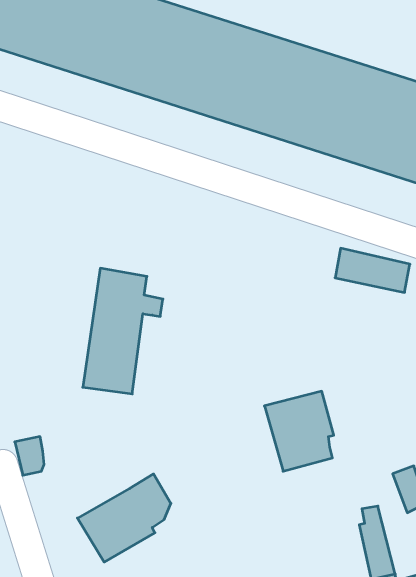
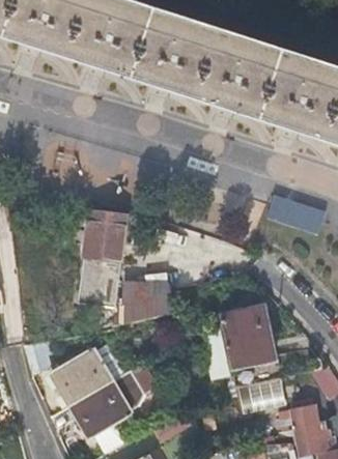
building: none -> [120,278,178,320]
building: none -> [52,346,112,404]
building: none -> [241,378,287,411]

